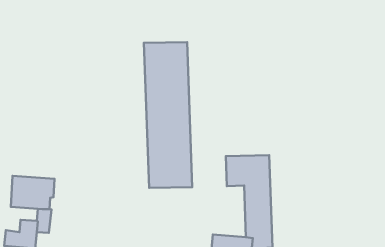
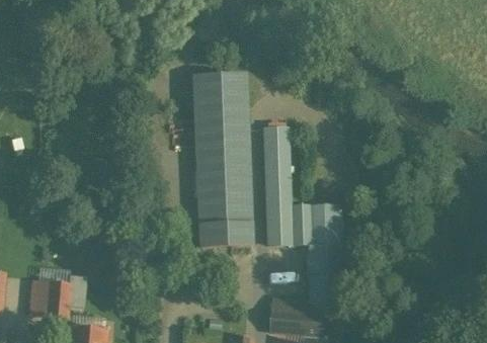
building: none -> [263,127,292,243]
building: [11,176,54,209] -> none

